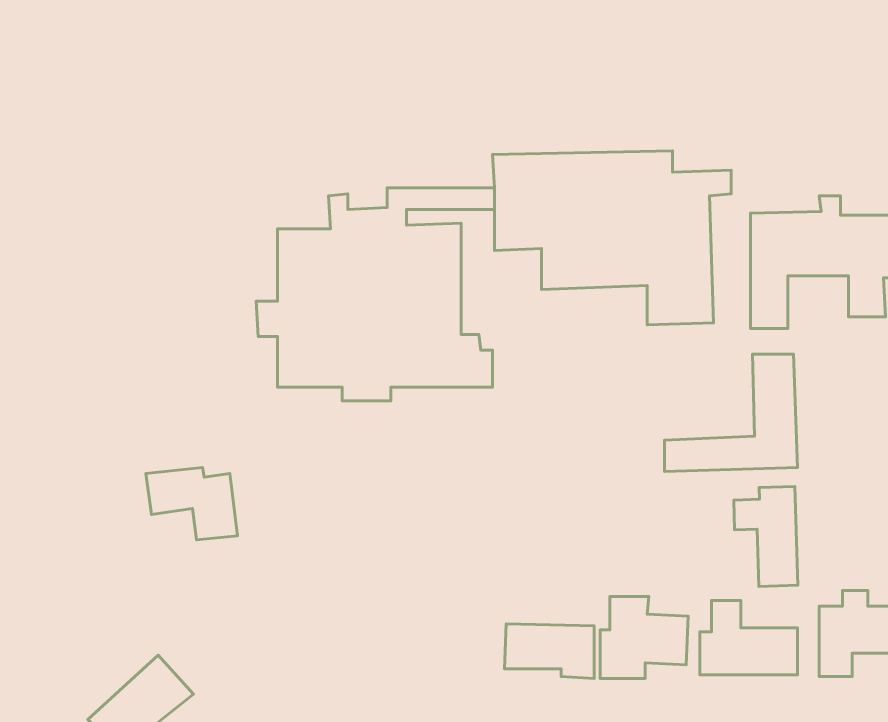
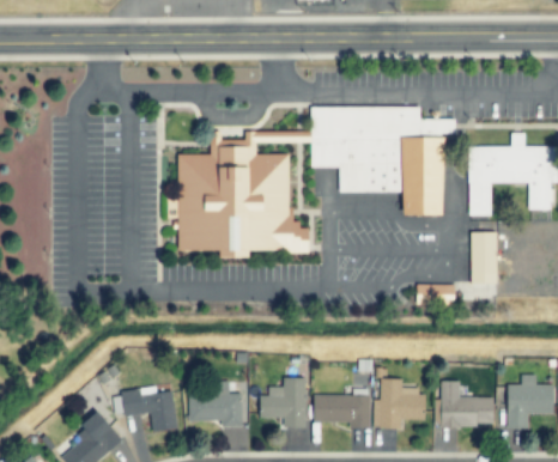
building: [146,468,238,540] -> [122,387,178,431]
building: [734,486,798,586] -> none
building: none -> [260,377,308,428]
building: none -> [189,383,242,426]

